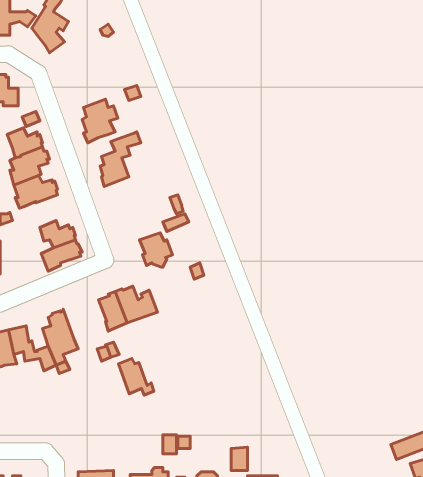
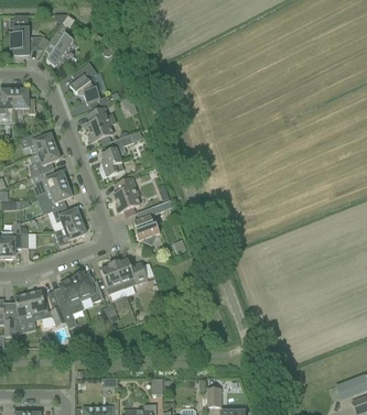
building: none -> [69,62,100,103]
building: none -> [114,177,140,211]
building: none -> [40,184,73,211]
building: [118,358,154,395] -> [72,272,100,302]

